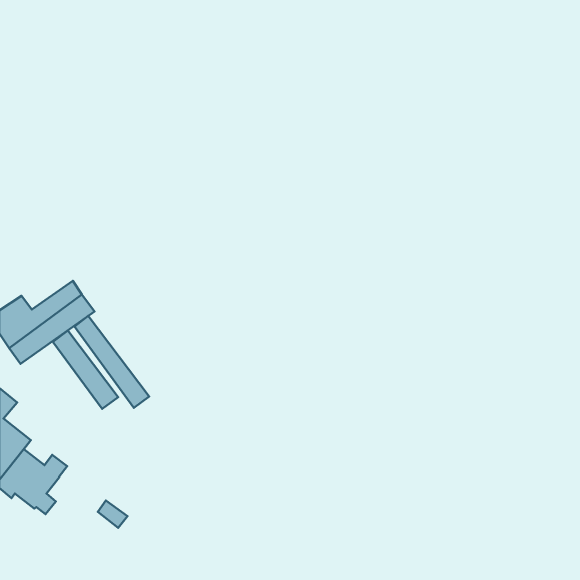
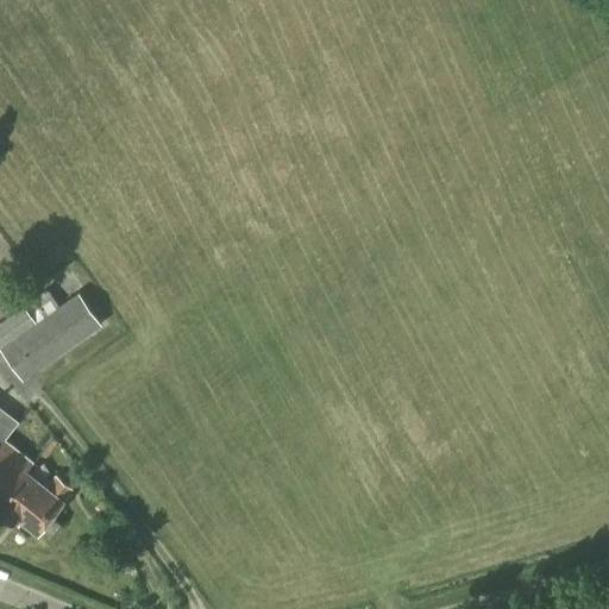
building: [74,316,149,408] -> none
building: [53,330,118,409] -> none

